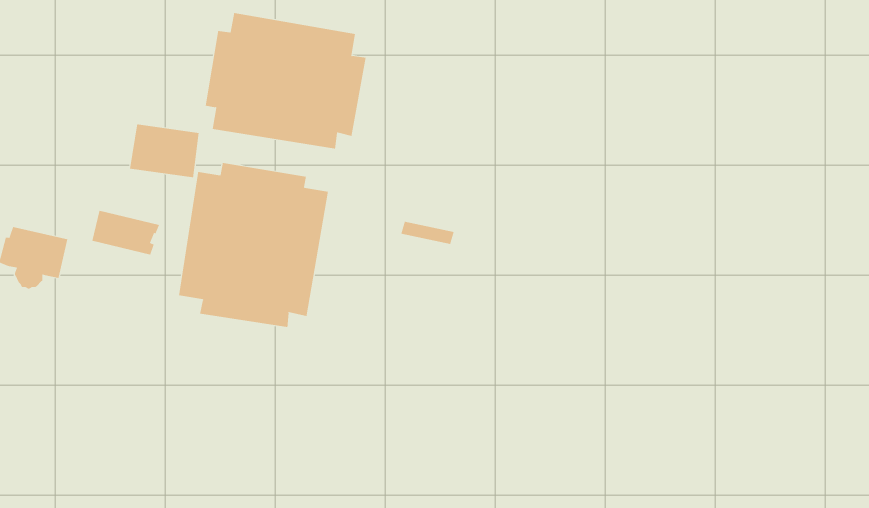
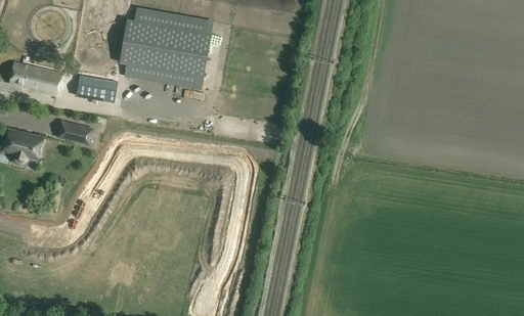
building: none -> [8,63,61,95]
building: [179,162,329,328] -> none

